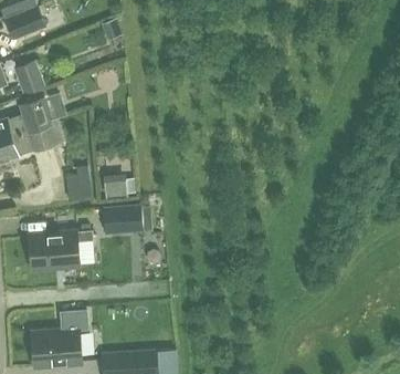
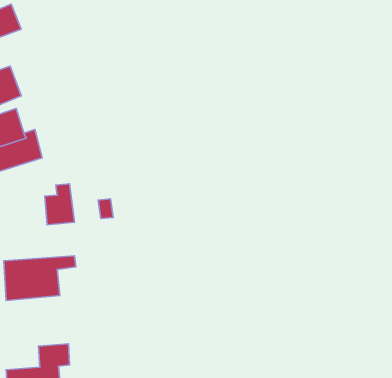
building: [103,204,141,232] -> none

